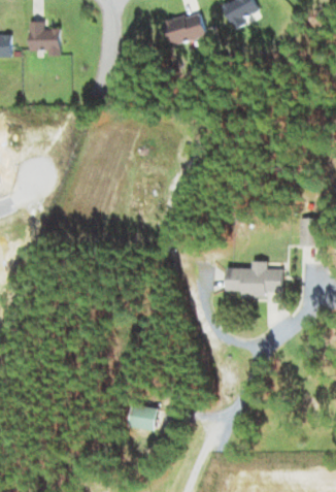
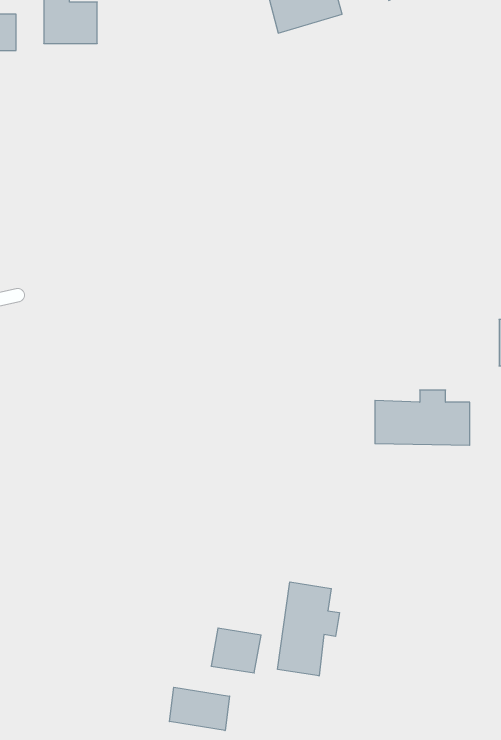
building: none -> [278,582,339,676]
building: none -> [169,687,230,731]

